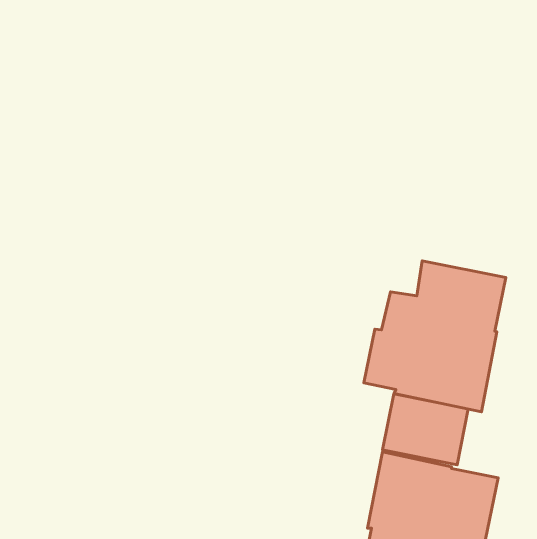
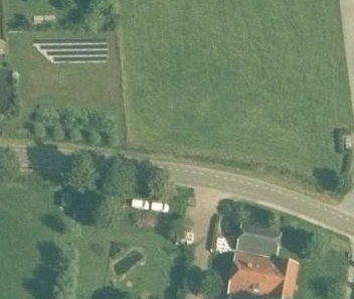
building: [364,261,506,412] -> none

